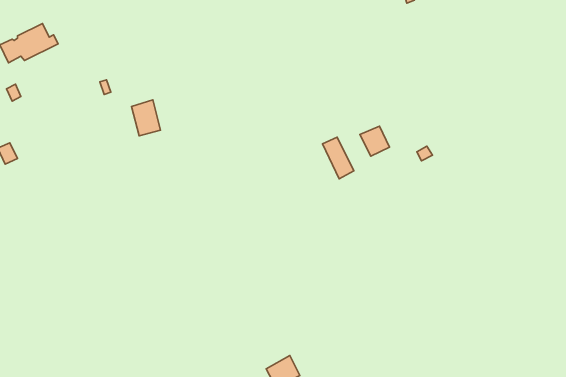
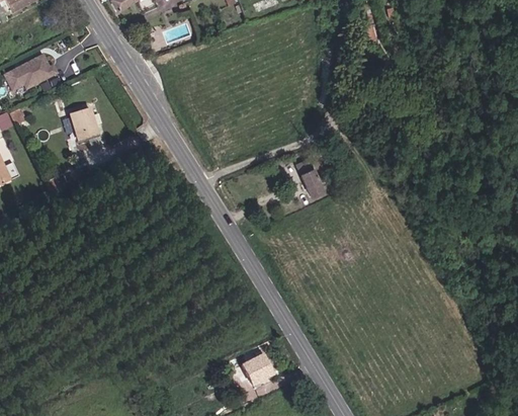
building: [131,100,161,136] -> [71,117,97,150]
building: [360,126,390,156] -> none

